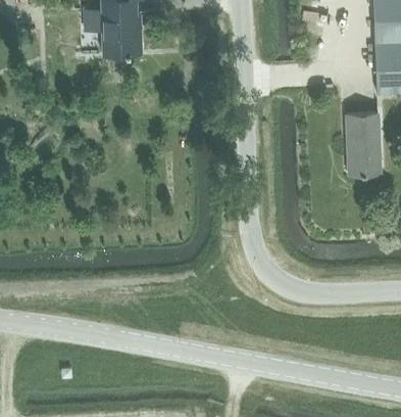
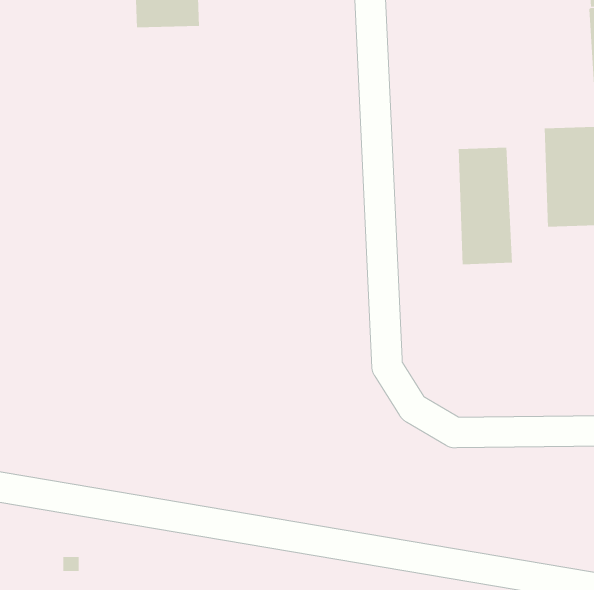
building: none -> [458,147,513,265]

